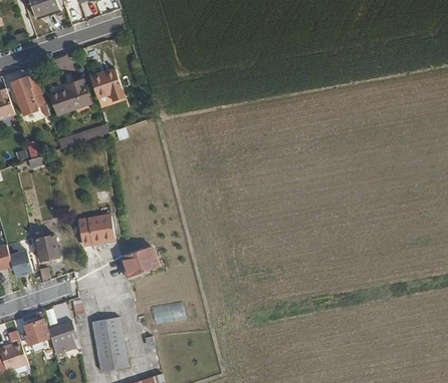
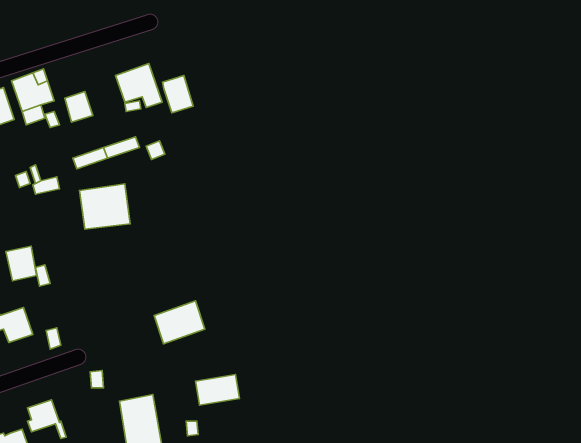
building: [66,79,89,107] -> [162,75,193,113]
building: [76,213,115,247] -> [80,184,130,229]
building: [35,235,58,261] -> [6,246,36,281]
building: [46,320,76,343] -> none

